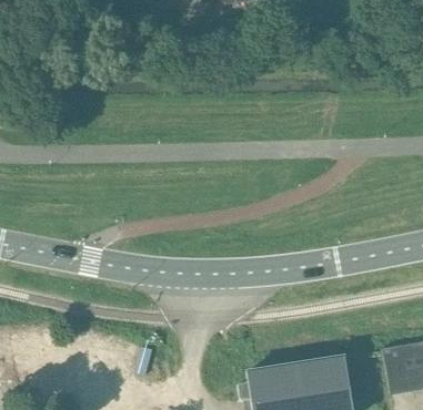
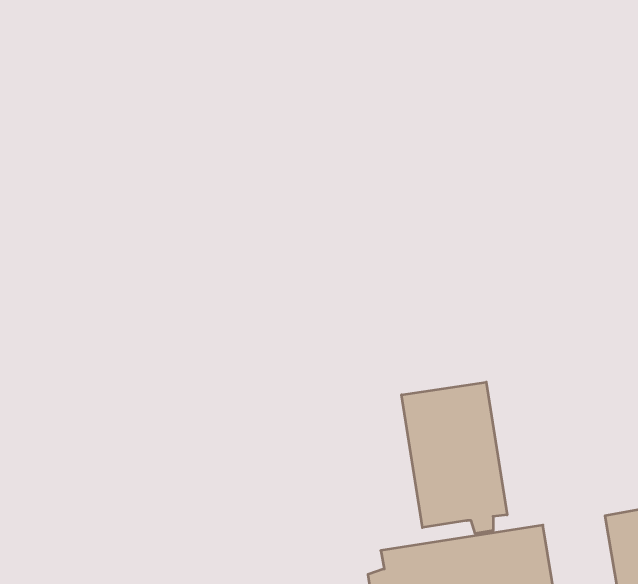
building: none -> [402,382,507,533]

